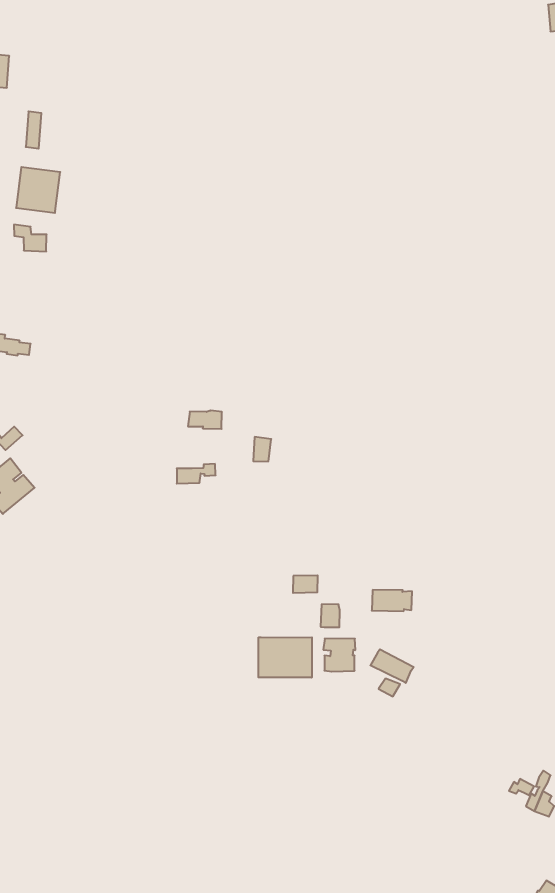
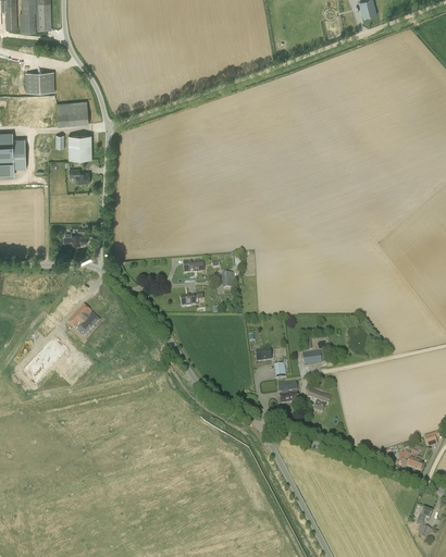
building: [258,637,312,678] -> none

